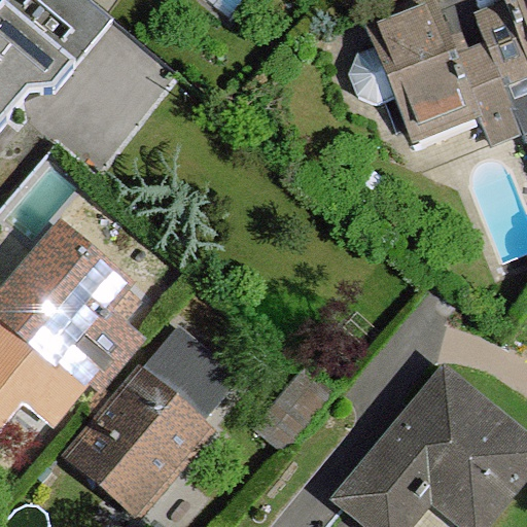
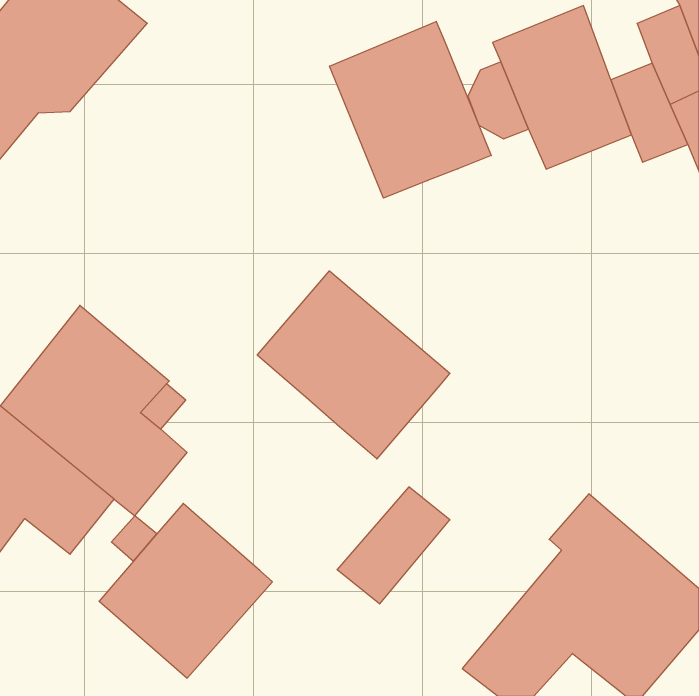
building: none -> [330,21,491,198]
building: none -> [257,271,450,459]
building: [137,327,237,427] -> none

